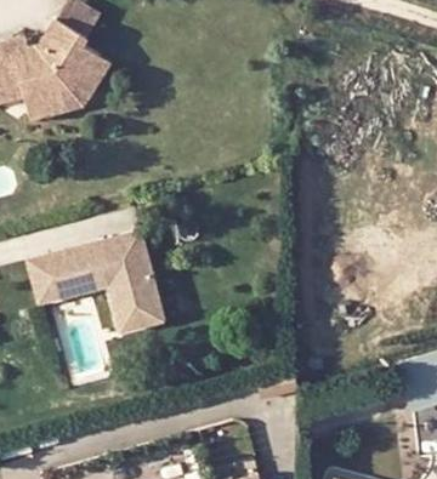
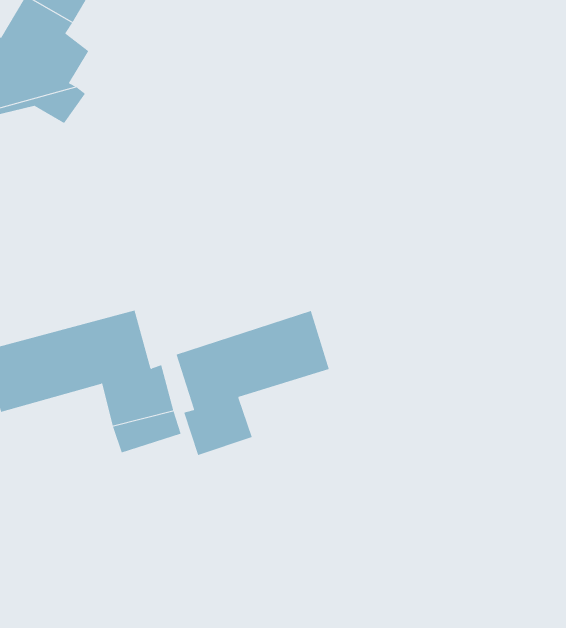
building: none -> [176,310,329,456]

